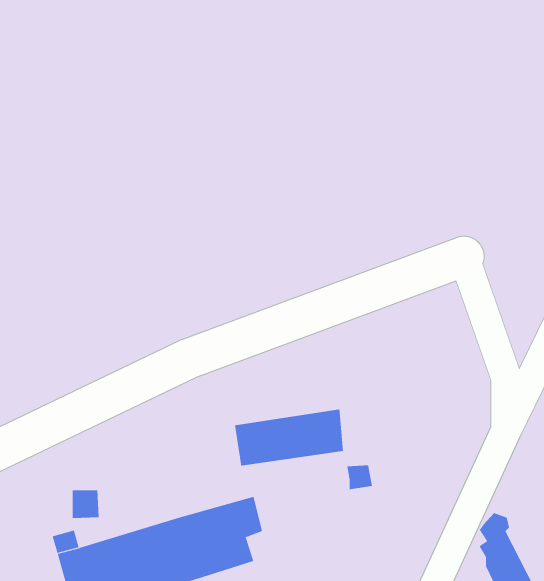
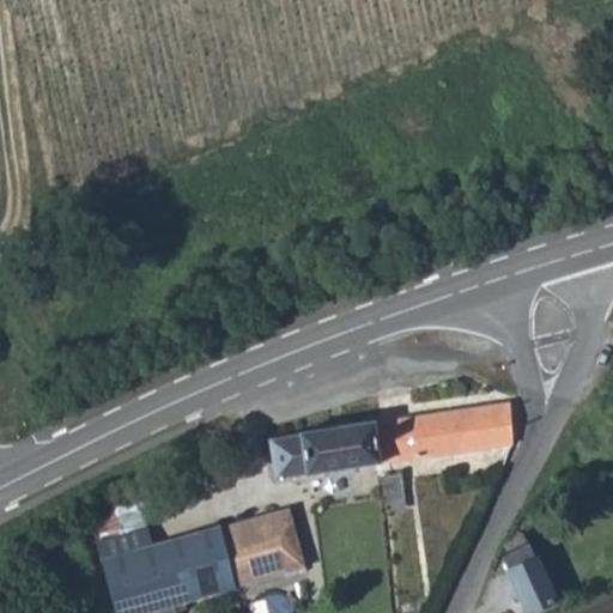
building: none -> [372,403,518,472]

